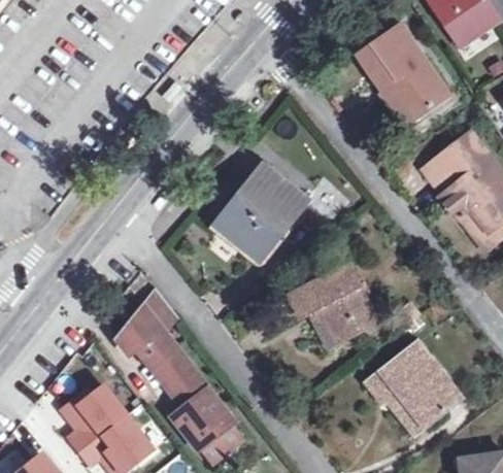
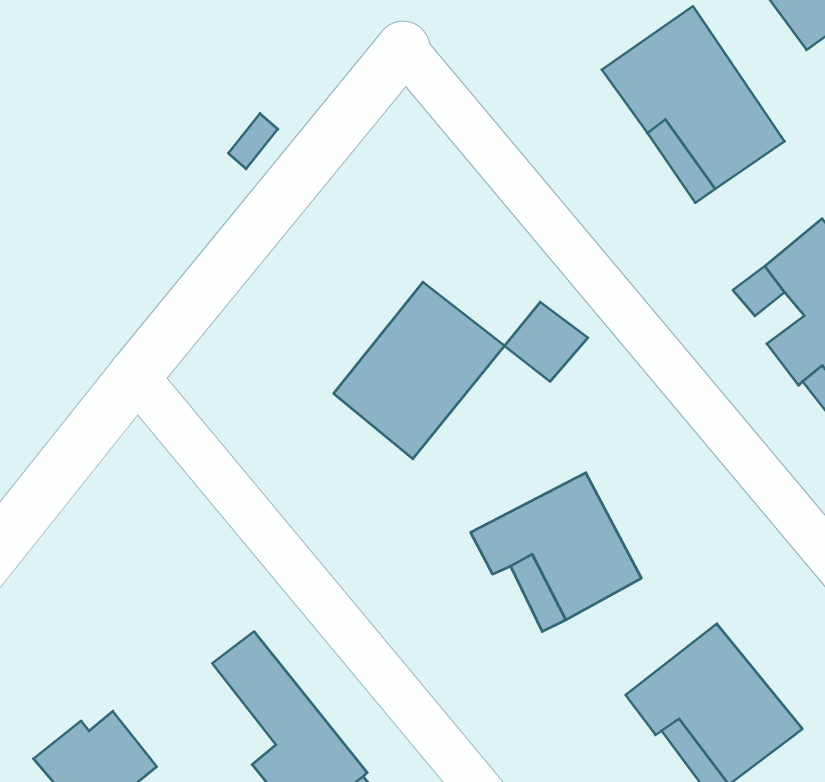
building: [116,290,177,364] -> none

